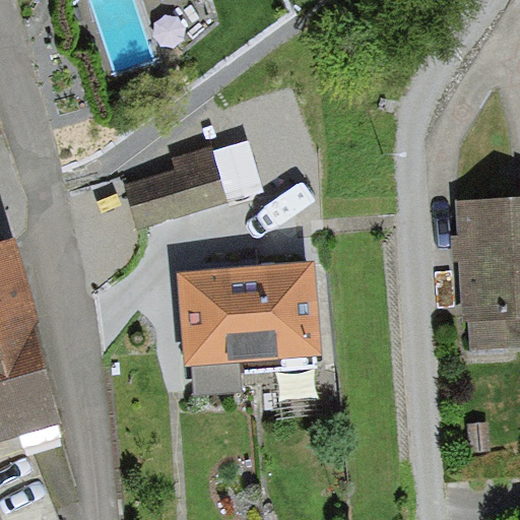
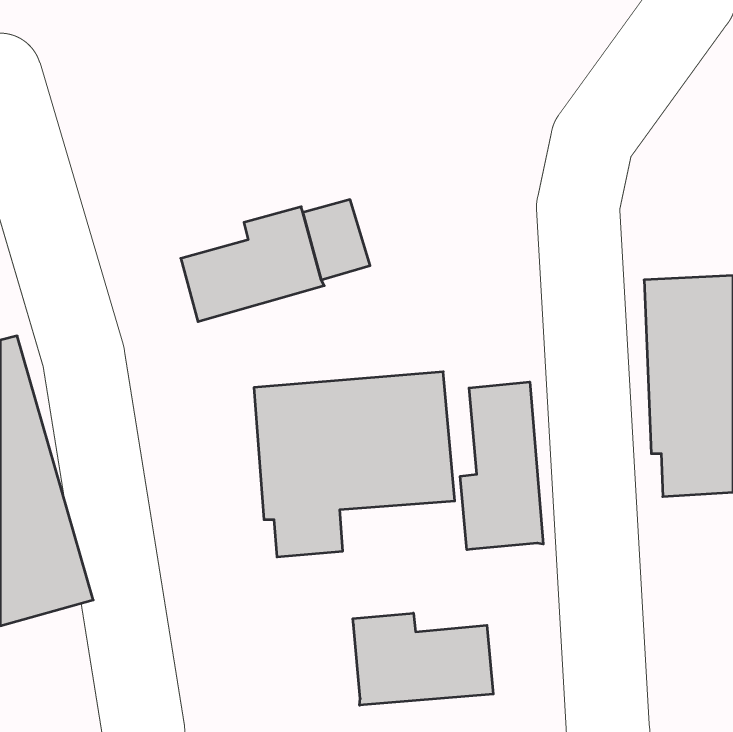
building: none -> [460,382,543,550]
building: none -> [353,613,493,705]

